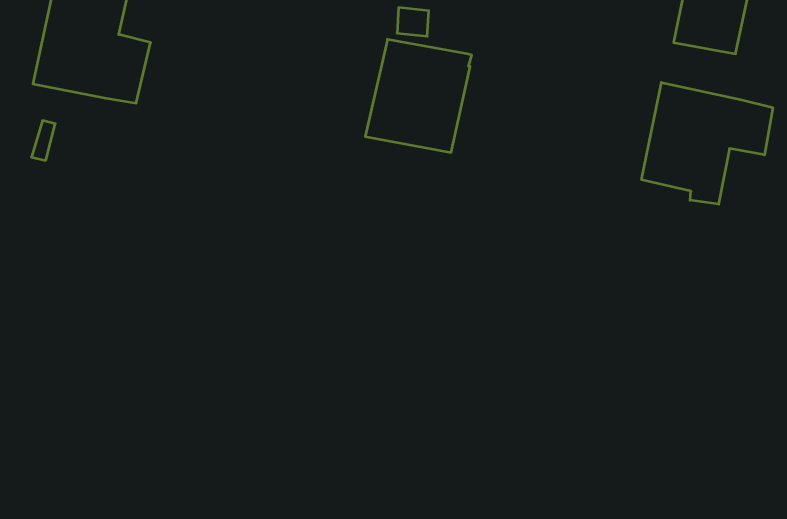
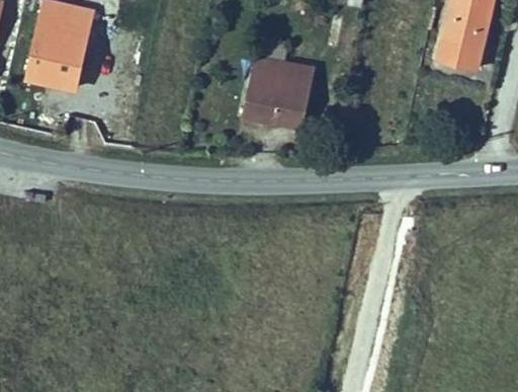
building: [642,82,773,204] -> none

